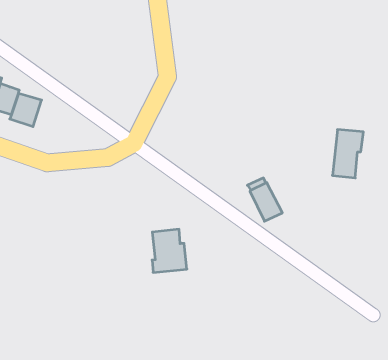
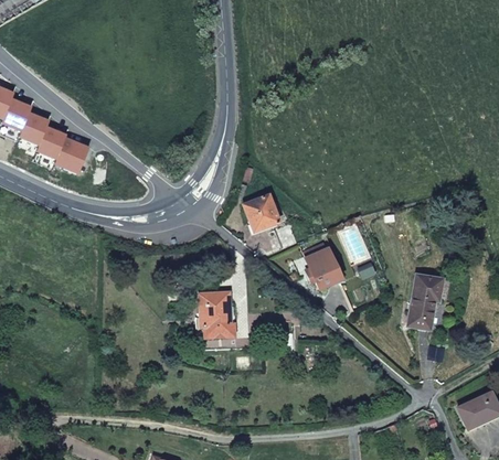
building: [332,130,363,178] -> [406,277,443,330]
building: none -> [241,194,280,234]

